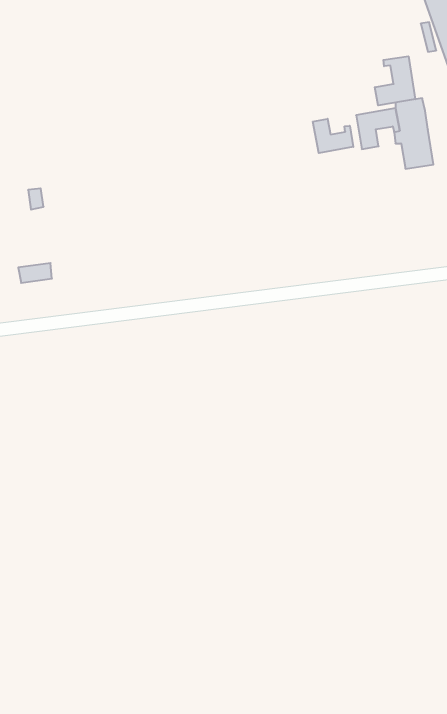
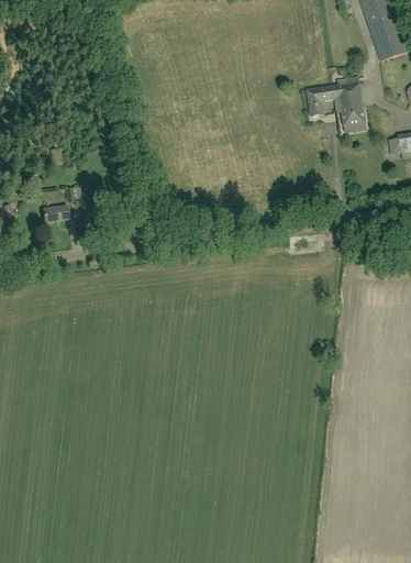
building: [375,56,415,105] -> none
building: [313,119,353,153] -> none

